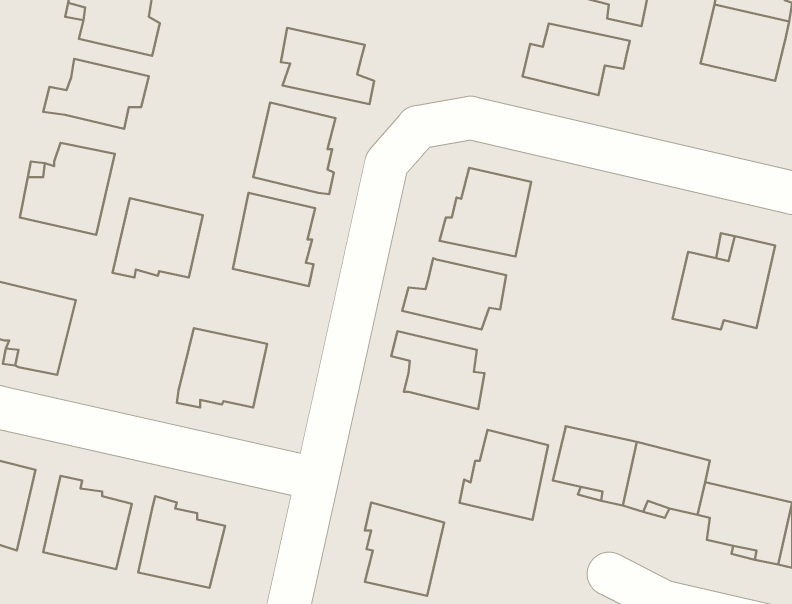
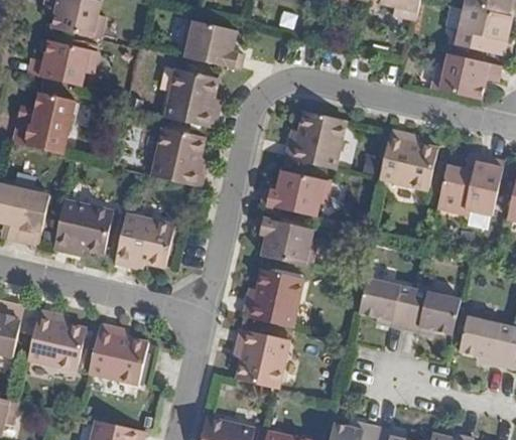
building: [522,24,630,95] -> [431,53,501,100]
building: none -> [379,130,438,190]
building: [113,198,203,277] -> [53,200,112,252]
building: [460,430,548,520] -> [244,269,301,327]

